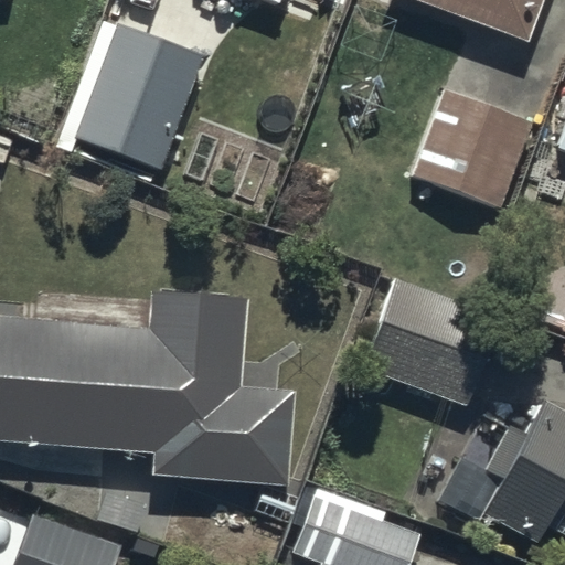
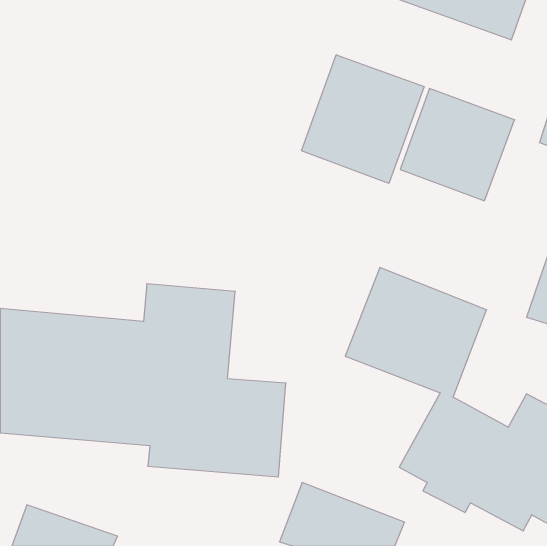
building: [78,29,204,172] -> none
building: none -> [302,55,424,183]

